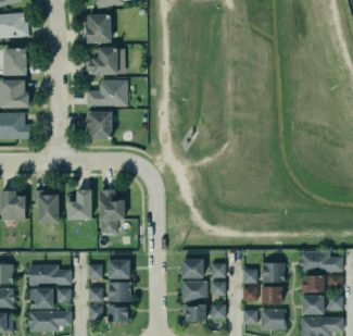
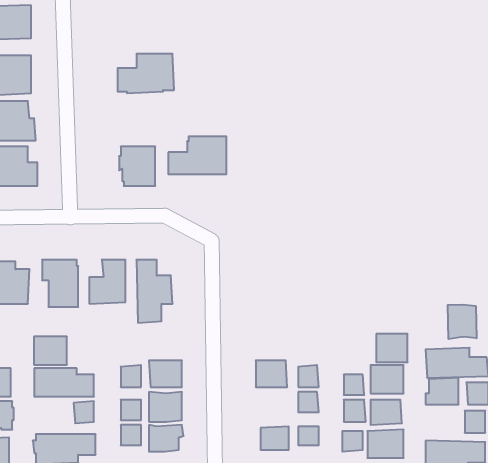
building: [87,15,112,43] -> none
building: [87,79,127,105] -> [168,136,226,174]
building: none -> [448,305,477,339]
building: [182,281,207,301] -> none
building: [30,289,53,309] -> [34,337,67,365]
building: [301,293,323,312] -> [376,334,408,362]

